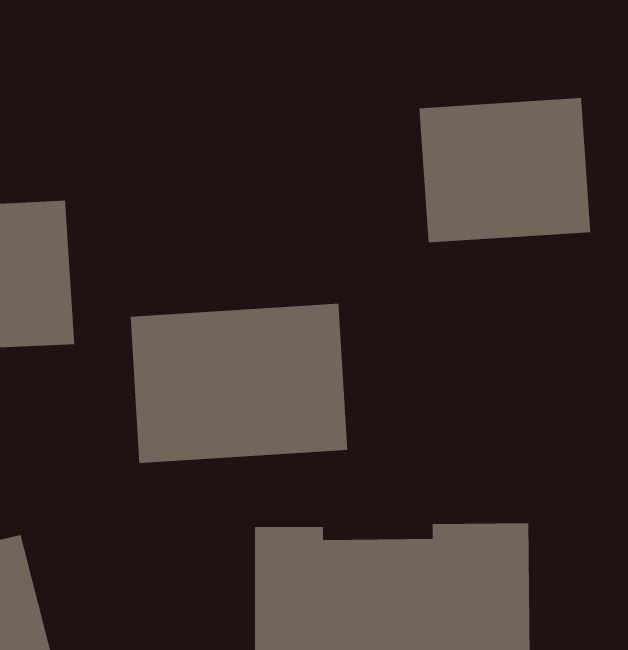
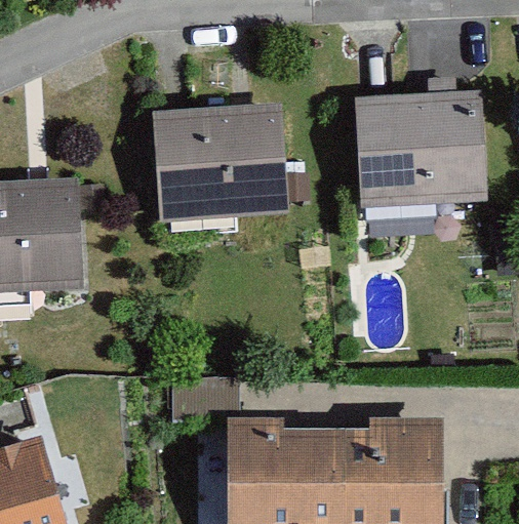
building: none -> [156,104,291,218]
building: [130,303,348,464] -> none

